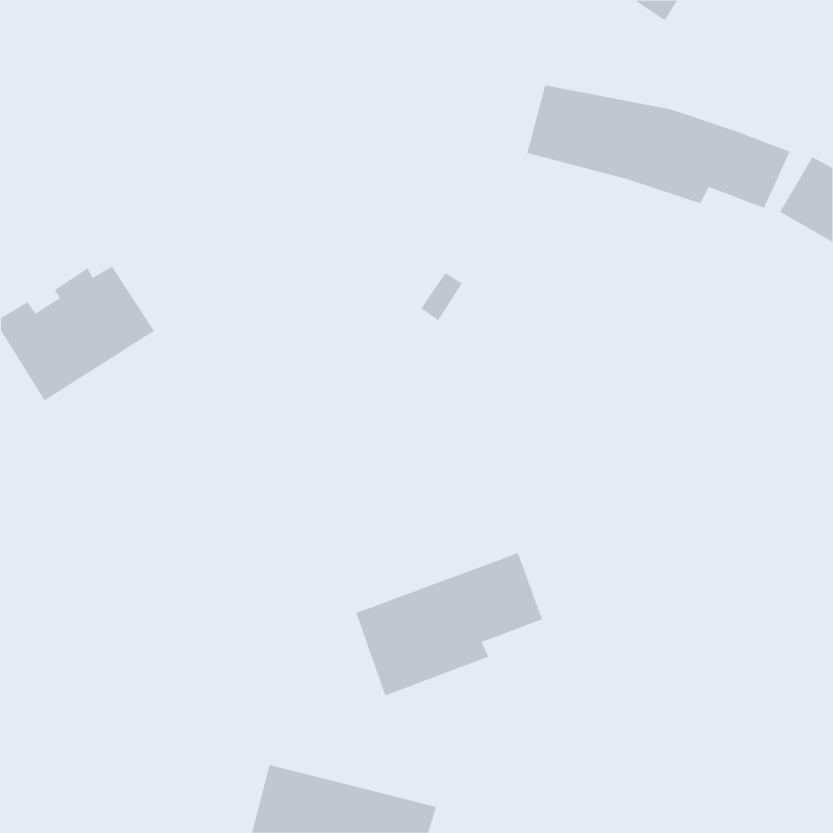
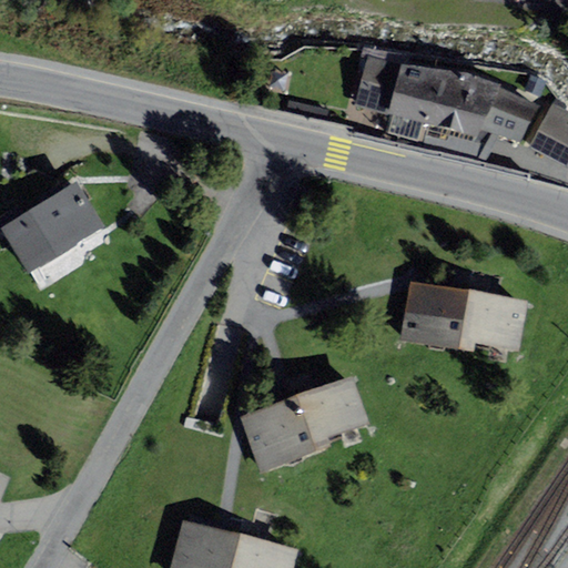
building: none -> [402,282,526,352]

